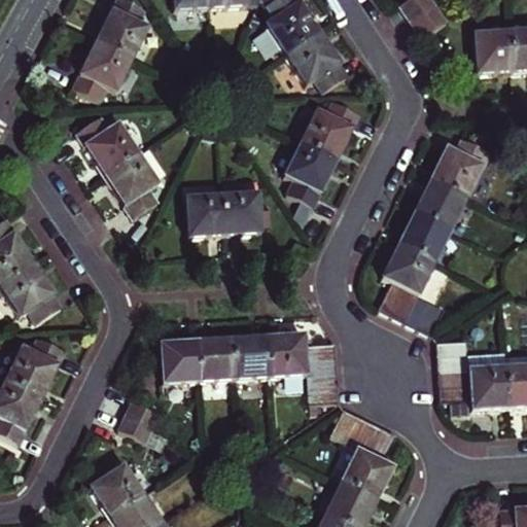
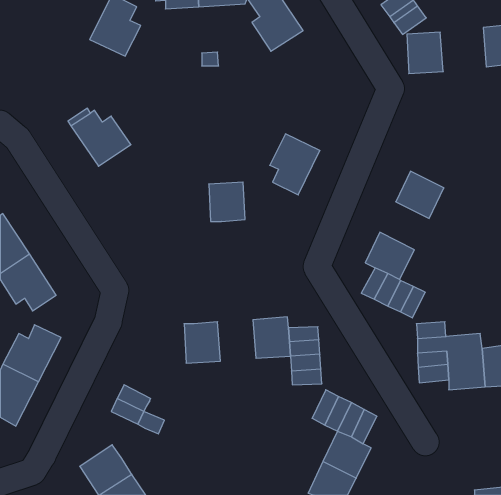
building: [472,29,511,72] -> [407,32,443,74]
building: [285,32,347,91] -> none
building: [73,41,133,100] -> none
building: [301,98,359,157] -> none
building: [431,138,489,197] -> none
building: [105,151,159,216] -> none
building: [185,192,222,234] -> none
building: [399,211,451,261] -> none
building: [230,335,270,378] -> none
building: [159,339,197,382] -> none

